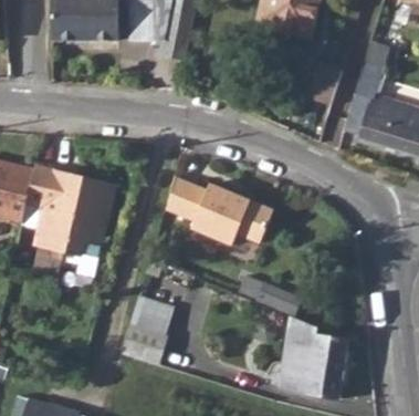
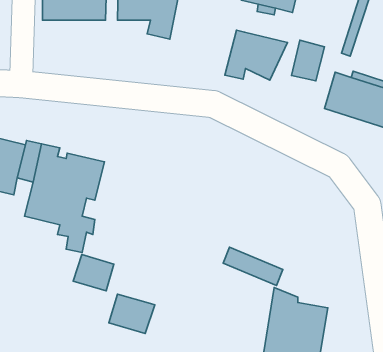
building: none -> [225,30,288,80]
building: [165,174,273,243] -> none
building: [129,297,171,334] -> [73,255,114,291]

